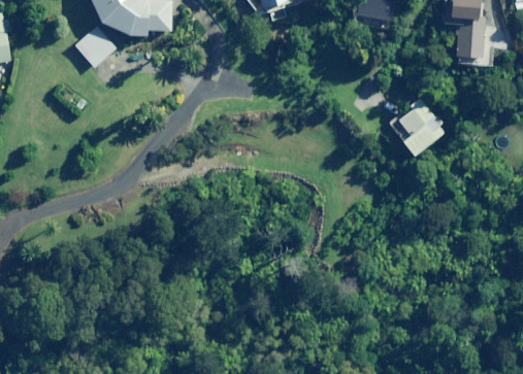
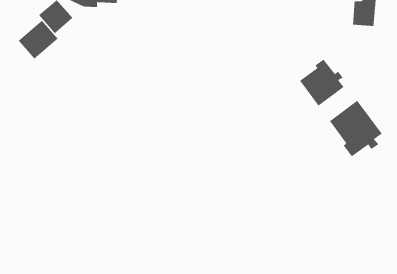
building: none -> [18,20,58,60]
building: none -> [329,100,382,157]

